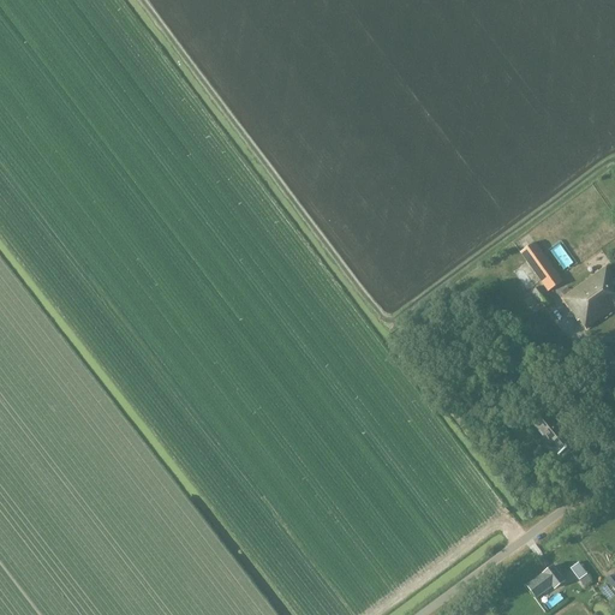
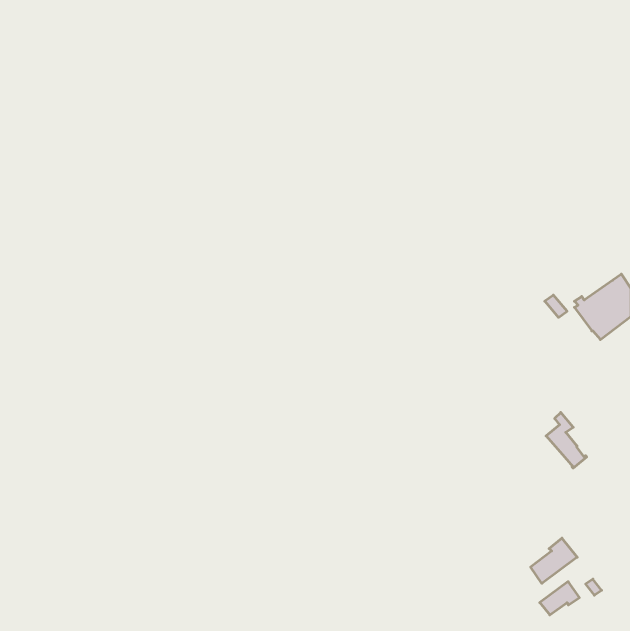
building: [520,243,562,292] -> none
building: none -> [531,538,577,583]

